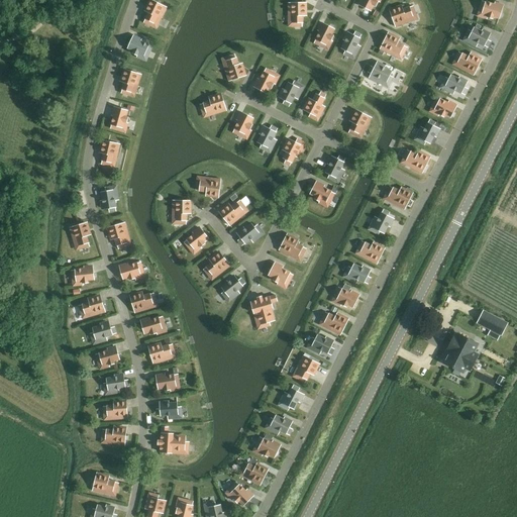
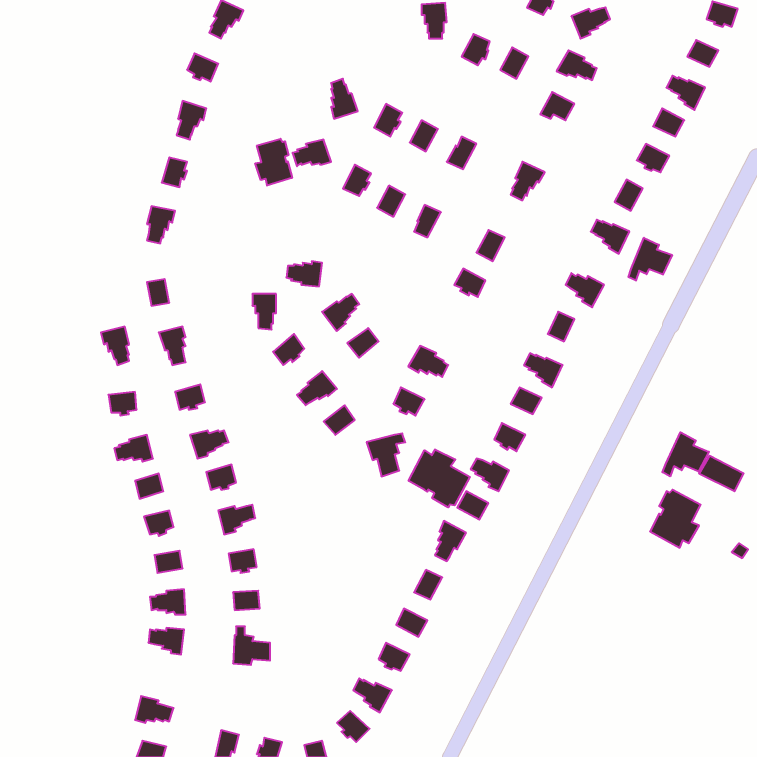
building: none -> [255,139,292,186]
building: none -> [628,238,672,281]
building: none -> [662,432,709,476]
building: none -> [409,449,470,507]

